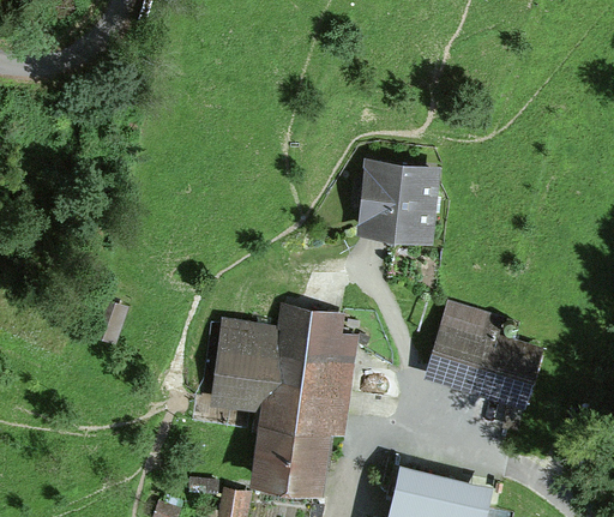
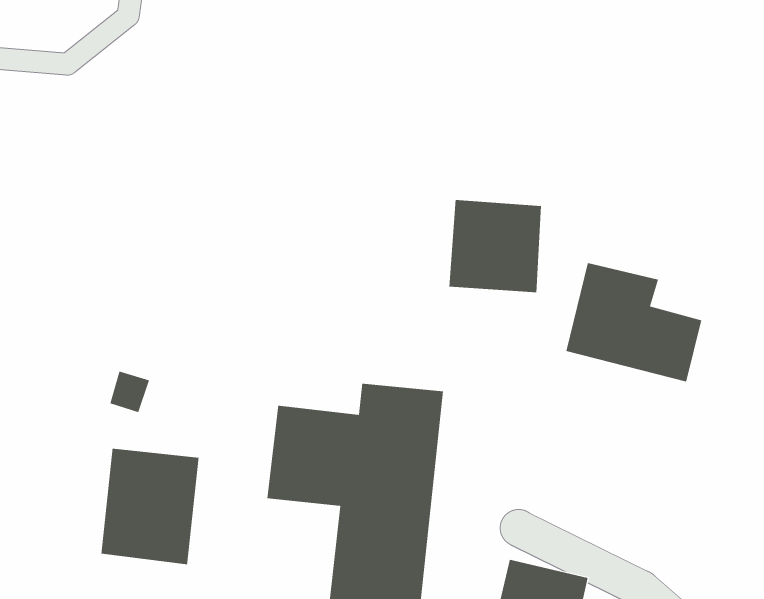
building: [422,309,528,402] -> [565,262,702,382]
building: none -> [101,448,199,565]

